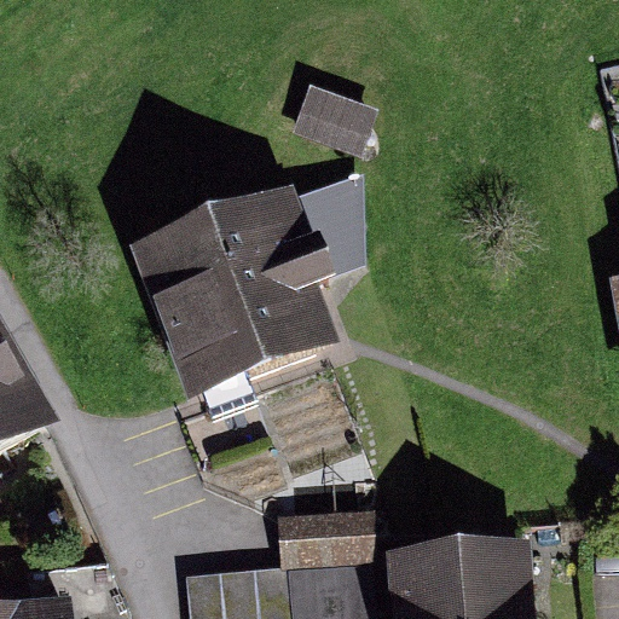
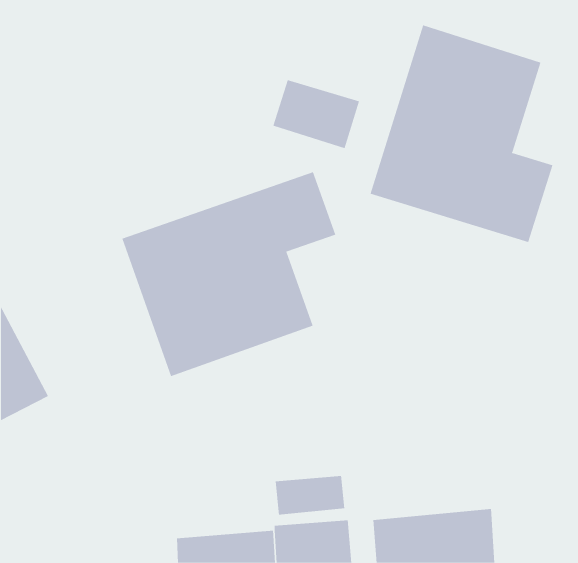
building: none -> [370,24,553,243]

